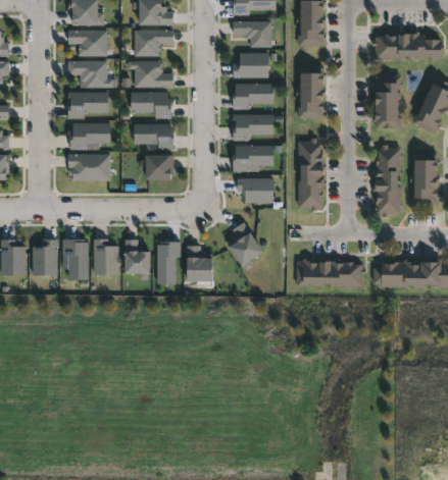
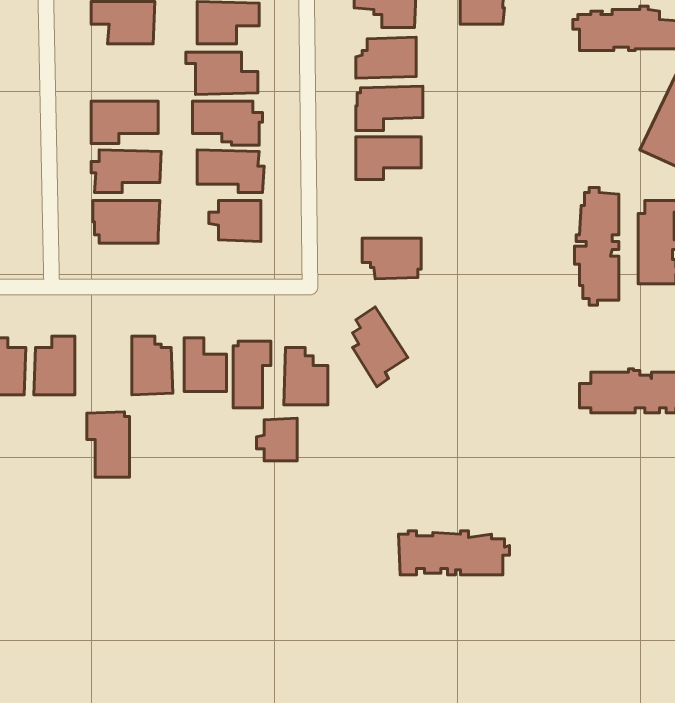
building: [68,60,114,88] -> none
building: [296,65,328,118] -> none
building: [371,77,400,129] -> none
building: [296,138,322,210] -> none
building: [233,145,275,172] -> none
building: [63,238,90,279] -> [87,412,129,477]
building: [296,259,365,286] -> [398,531,509,575]
building: none -> [256,418,297,461]

